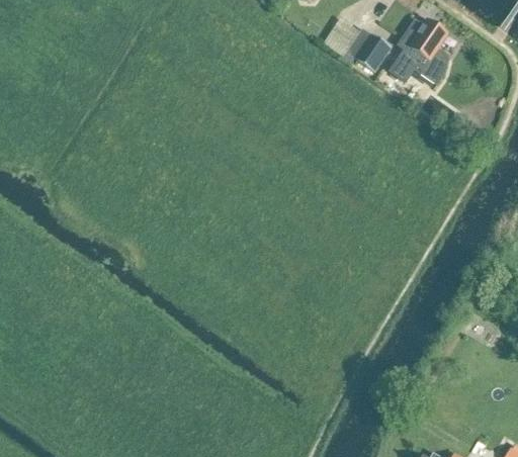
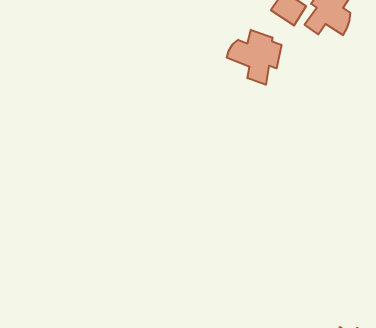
building: none -> [227,30,281,85]

